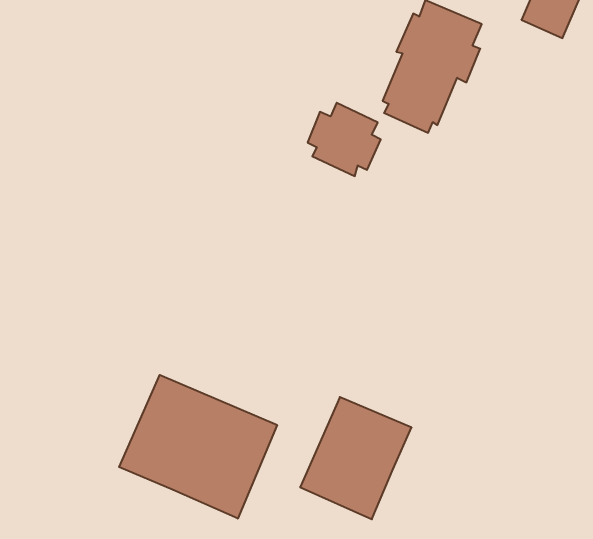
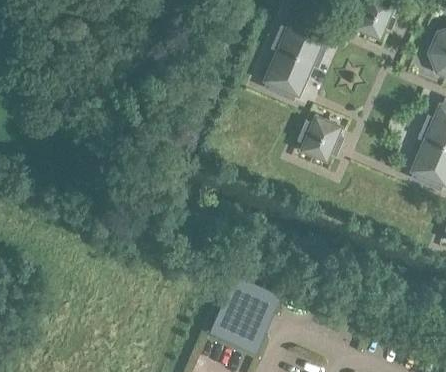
building: [308,103,381,176] -> [295,114,343,162]
building: [119,375,277,519] -> none

